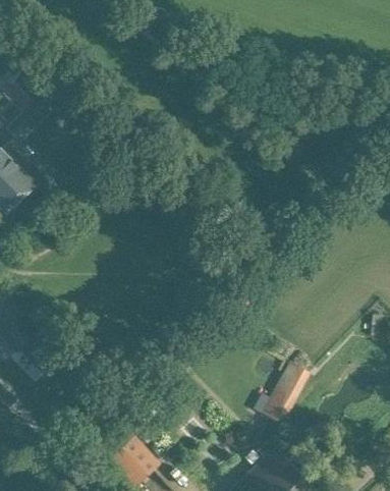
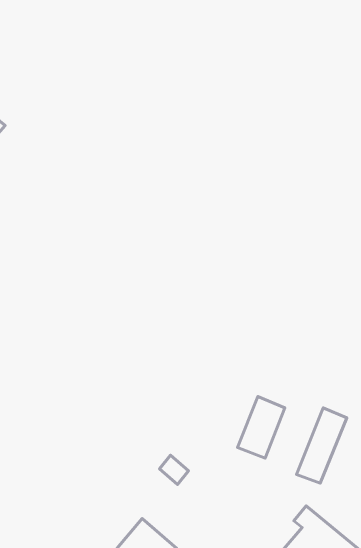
building: none -> [237,396,285,458]

